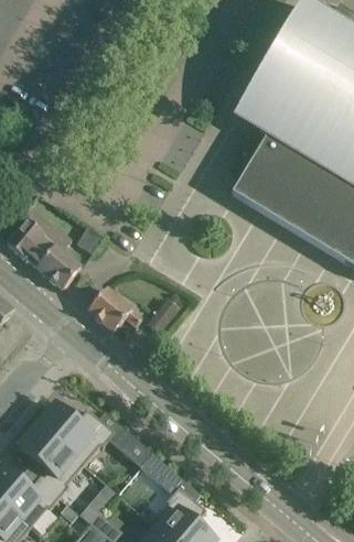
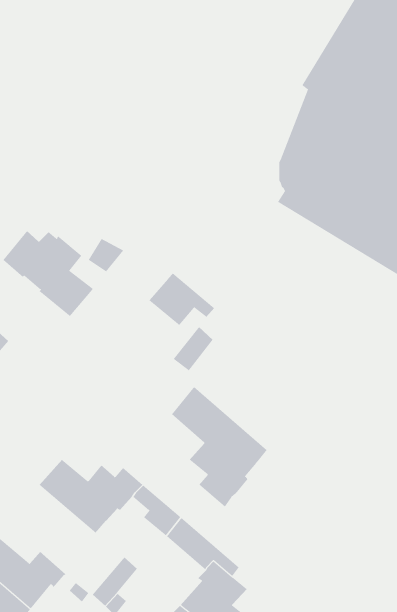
building: [87,289,141,332] -> [148,273,215,326]
building: none -> [171,386,268,507]
building: [19,425,83,498] -> none

